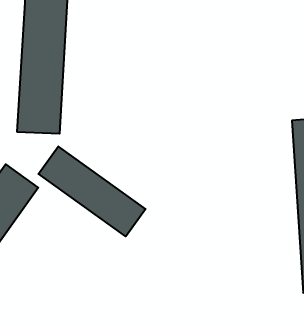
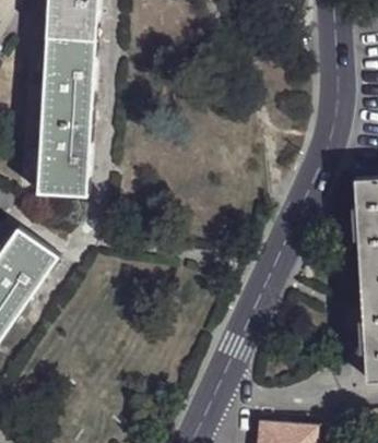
building: [38,146,146,236] -> none

